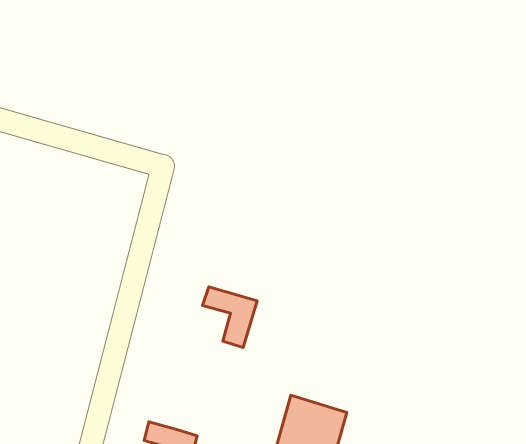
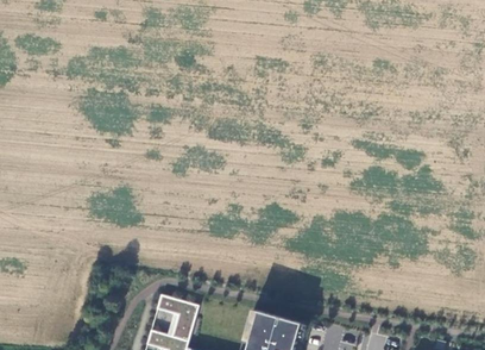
building: [203,287,257,348] -> [156,294,197,340]

